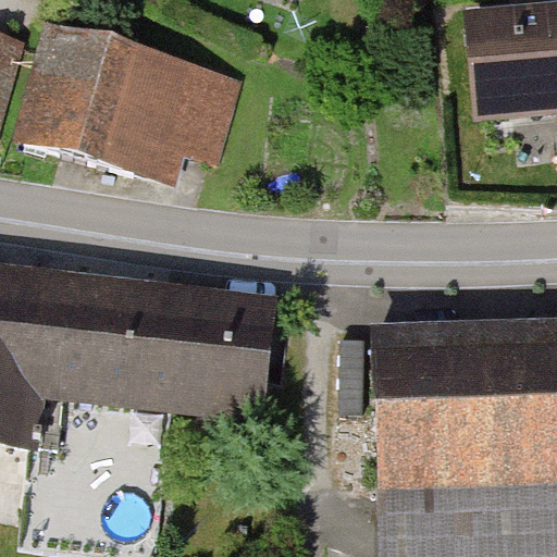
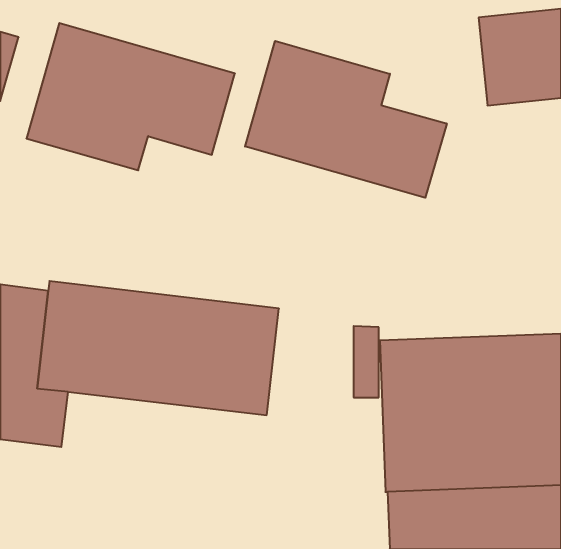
building: none -> [245,41,447,198]

